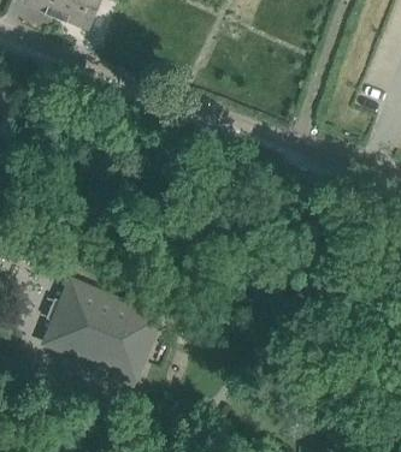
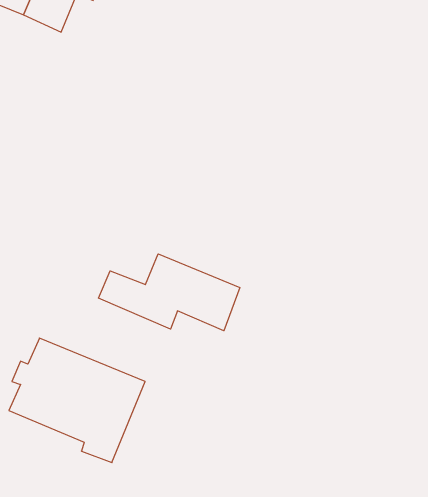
building: none -> [98,254,240,331]

